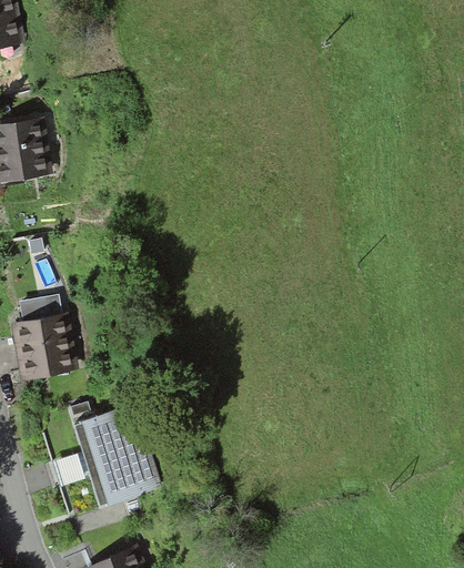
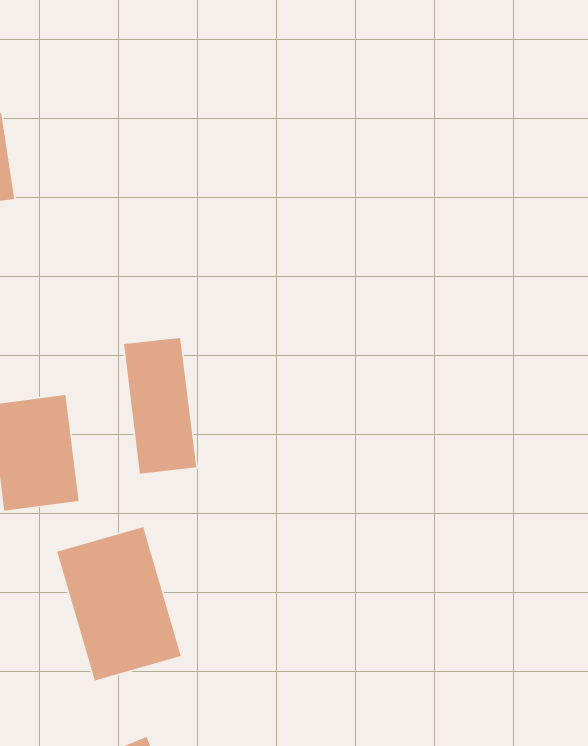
building: none -> [123,337,197,474]

